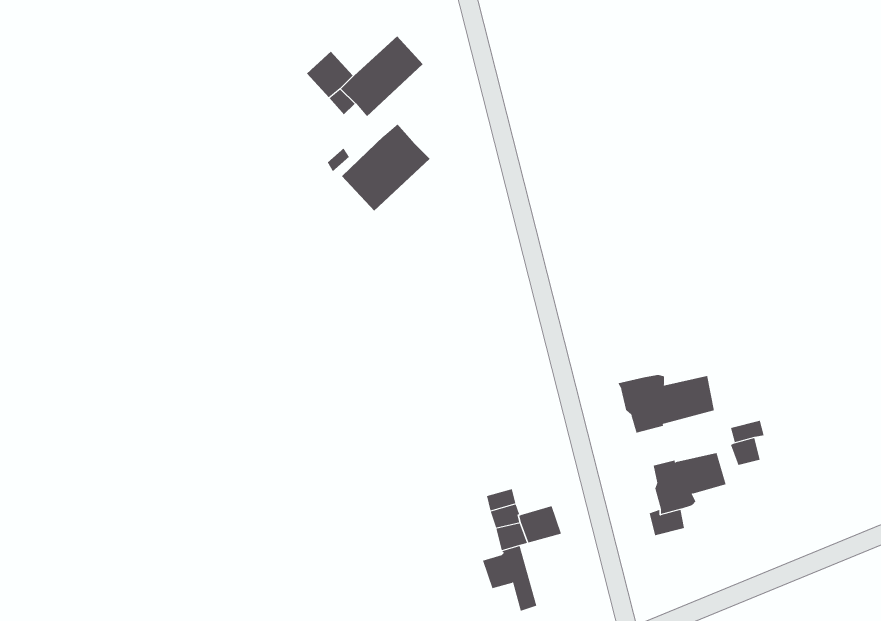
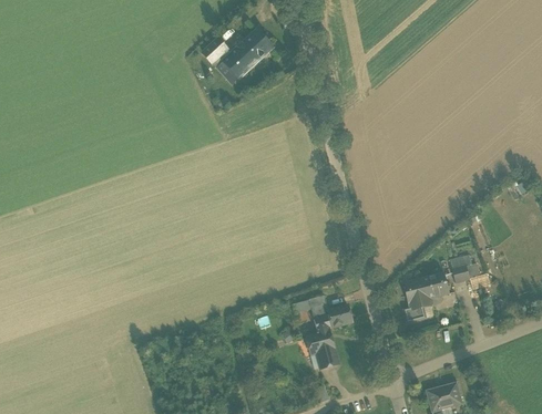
building: [341,123,431,211] -> none
building: [617,374,714,433] -> none

